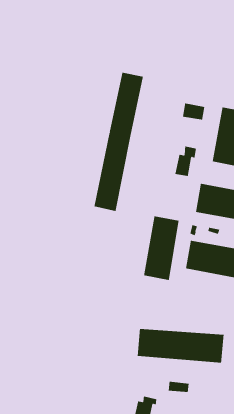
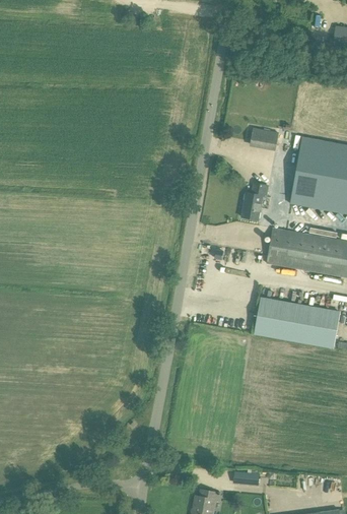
building: [94,72,144,212] -> none
building: [143,216,179,281] -> none
building: [137,328,224,364] -> none

